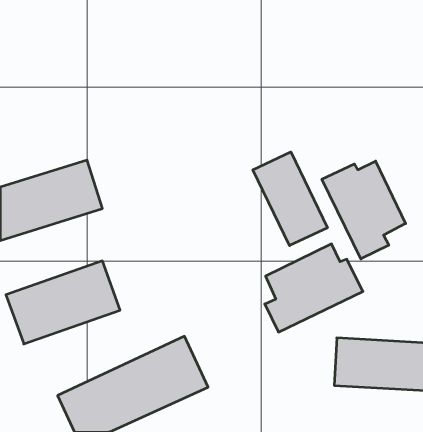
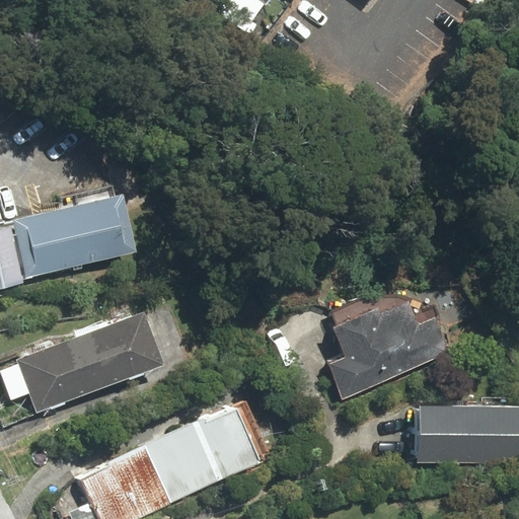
building: [253,152,327,246] -> none
building: [322,161,406,259] -> none

